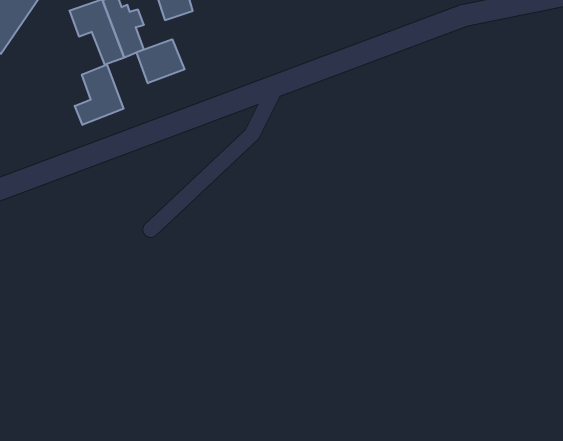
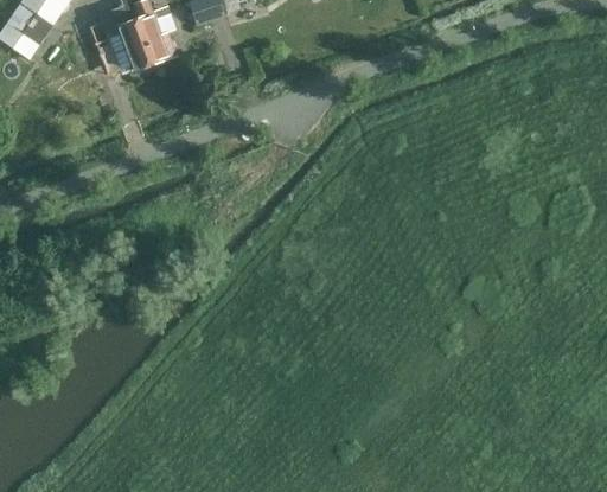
building: [137,39,185,83] -> none
building: [75,64,124,125] -> none

